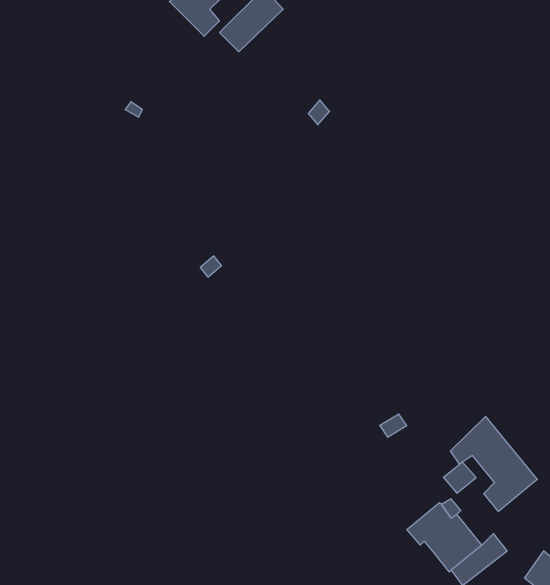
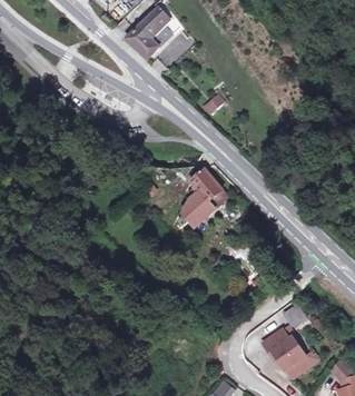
building: none -> [180,169,226,228]
building: [451,417,537,511] -> none

